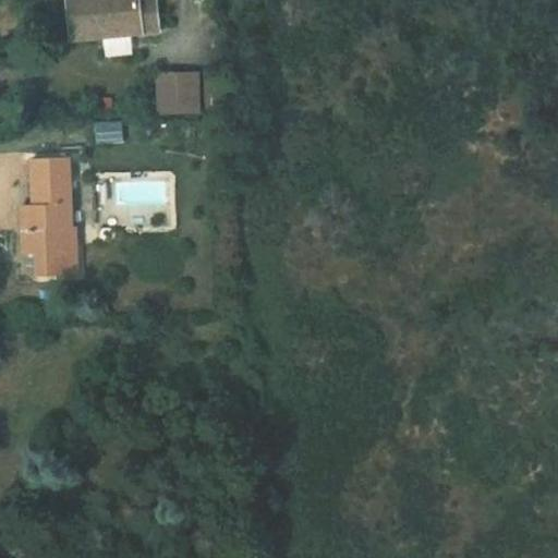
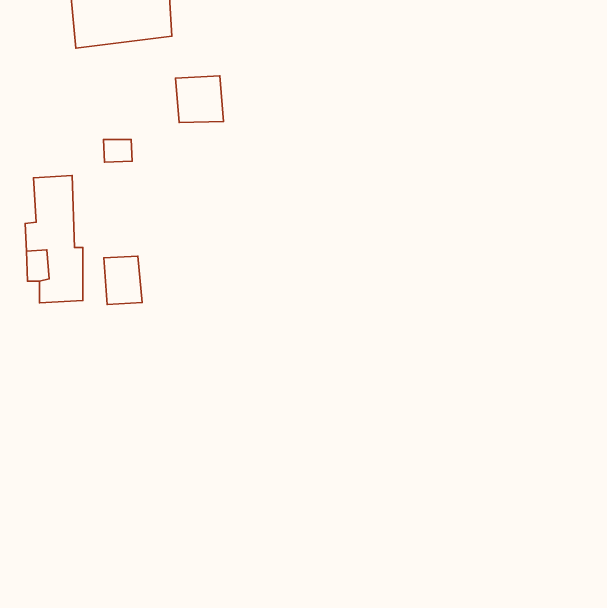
building: none -> [104,256,142,305]

